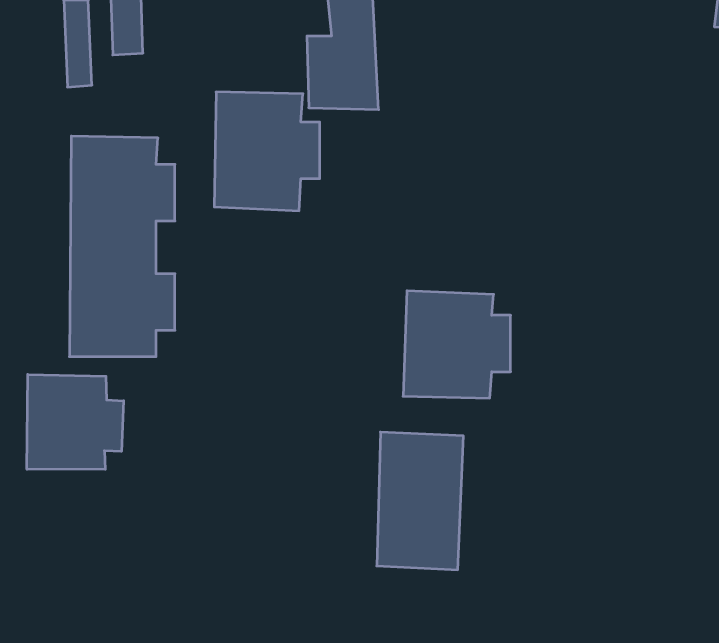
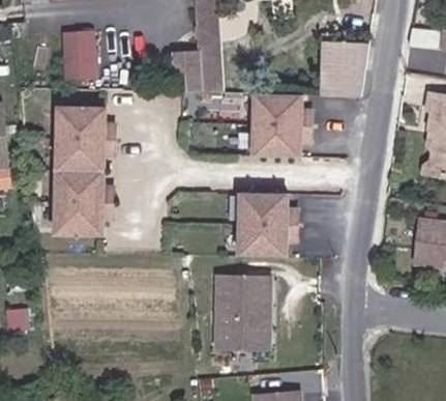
building: none -> [320,42,367,96]
building: [214,92,320,211] -> [250,93,308,159]
building: [27,374,124,469] -> none

